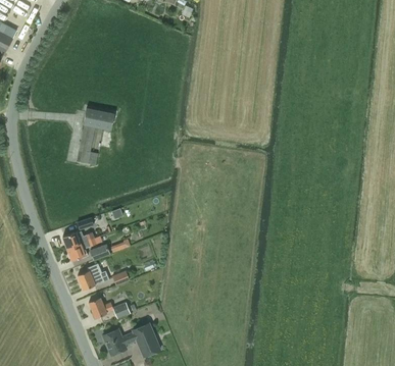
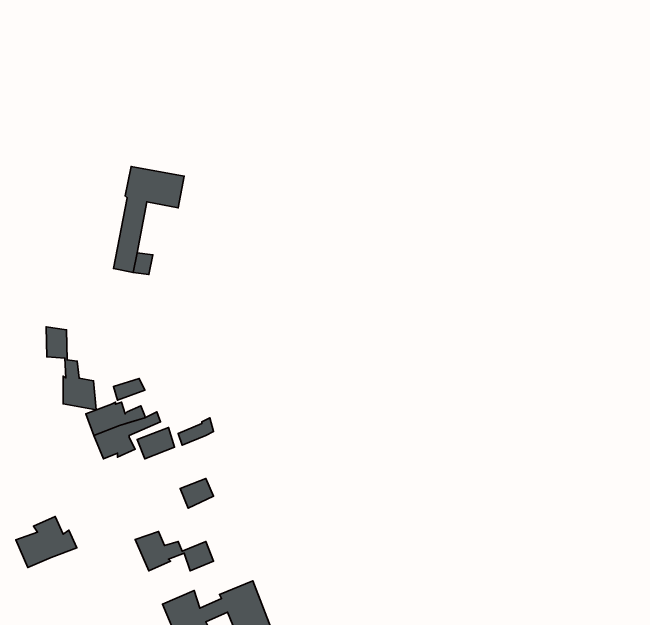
building: none -> [46,327,96,410]
building: [78,263,109,290] -> [16,516,77,567]

